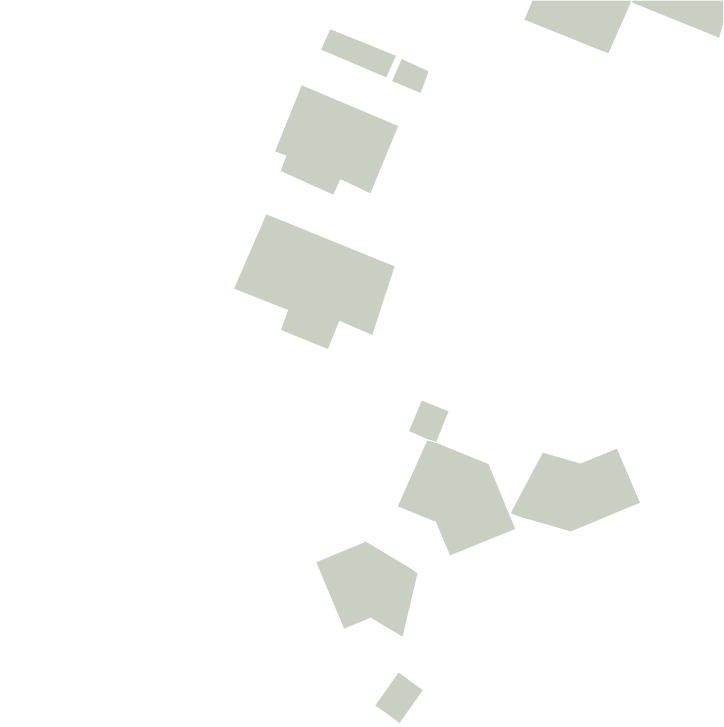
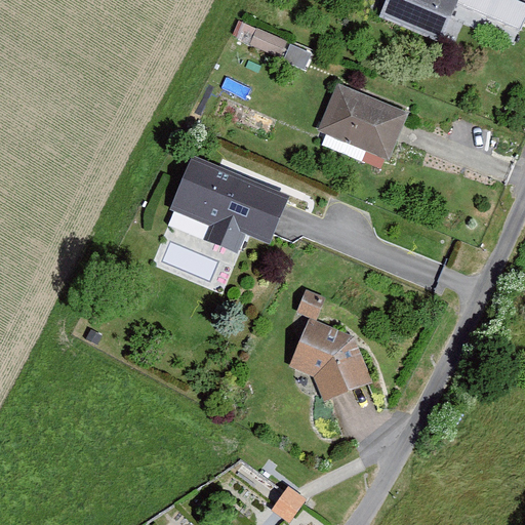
building: [274,85,399,196] -> [317,81,407,161]
building: [510,448,641,532] -> none
building: [315,541,418,638] -> none

